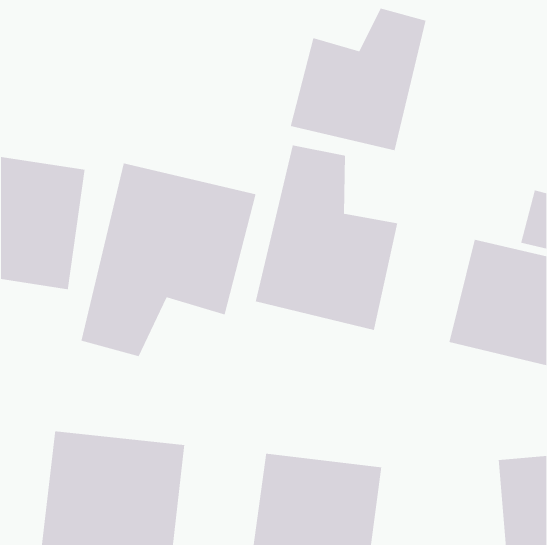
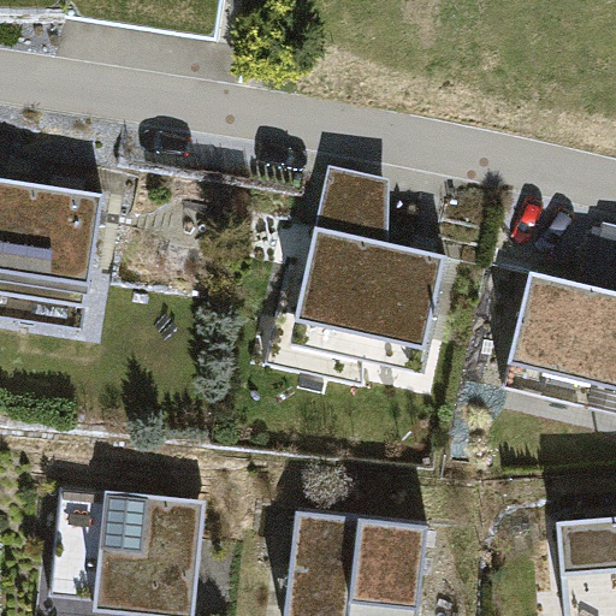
building: [290,7,427,151] -> none
building: [81,162,256,357] -> none

